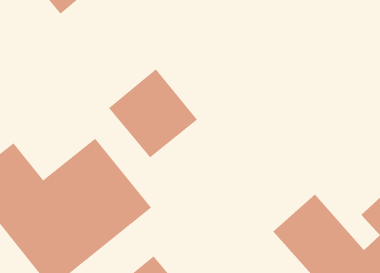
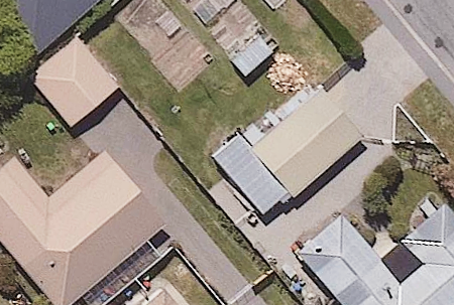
building: [108,68,198,158] -> [26,33,124,131]
building: none -> [216,82,360,216]

